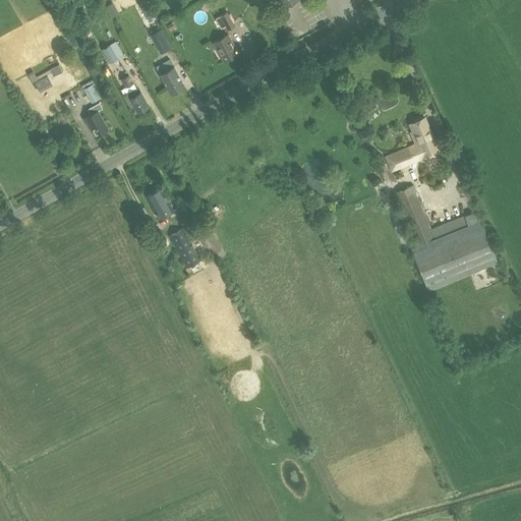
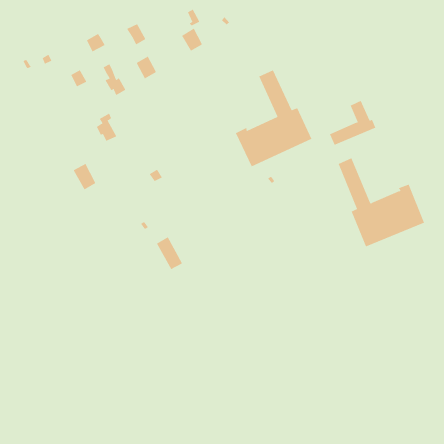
building: none -> [235,70,312,167]
building: [82,101,107,134] -> [96,113,117,142]
building: [144,186,172,218] -> [73,163,96,190]
building: [168,227,199,266] -> [156,237,183,270]

